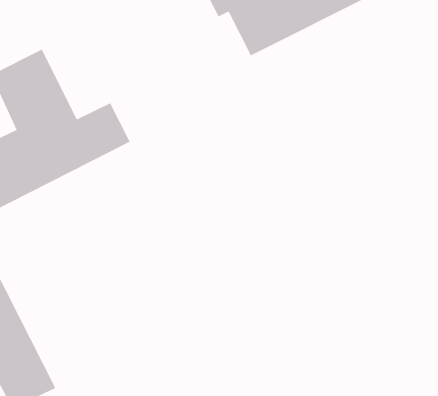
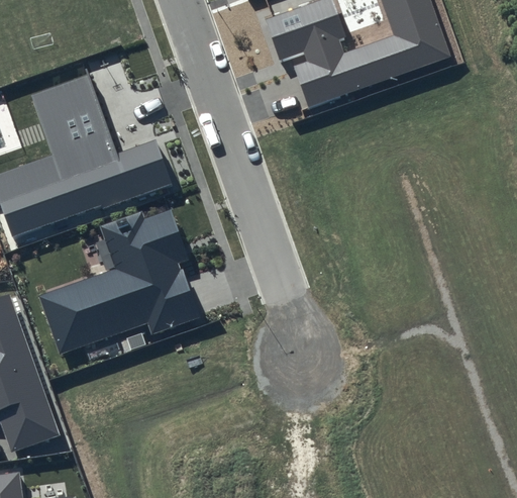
building: none -> [38,205,201,356]

